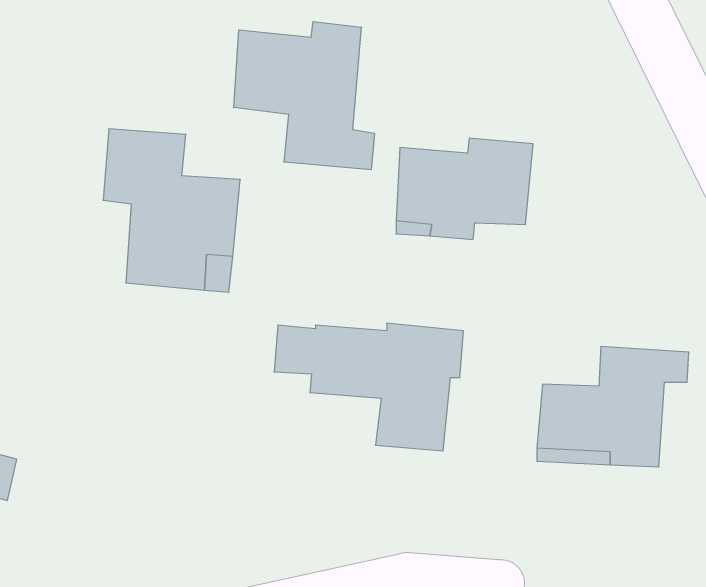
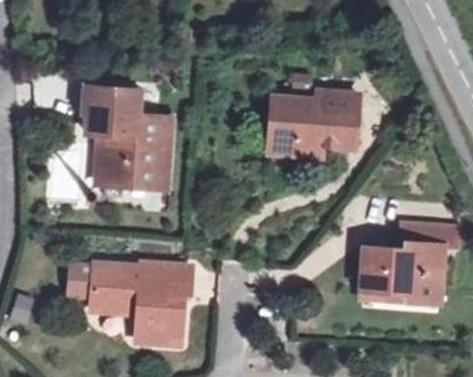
building: [234,21,374,170] -> none
building: [274,323,464,451] -> [69,262,188,343]

